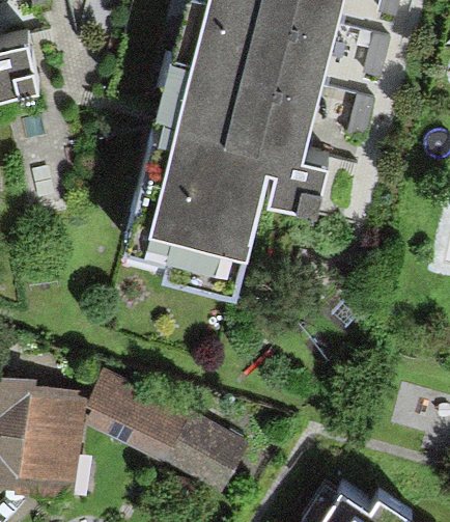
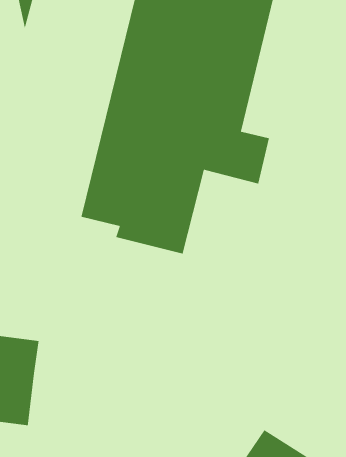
building: [80,369,257,492] -> none

